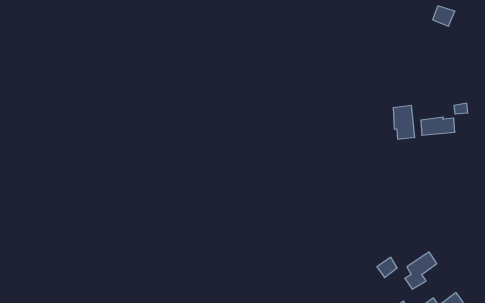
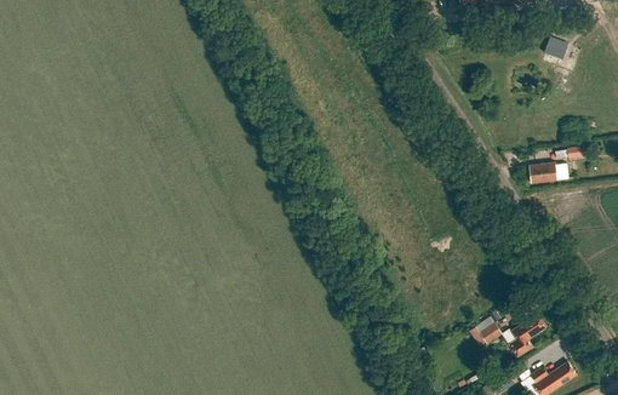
building: [394,105,414,139] -> none

